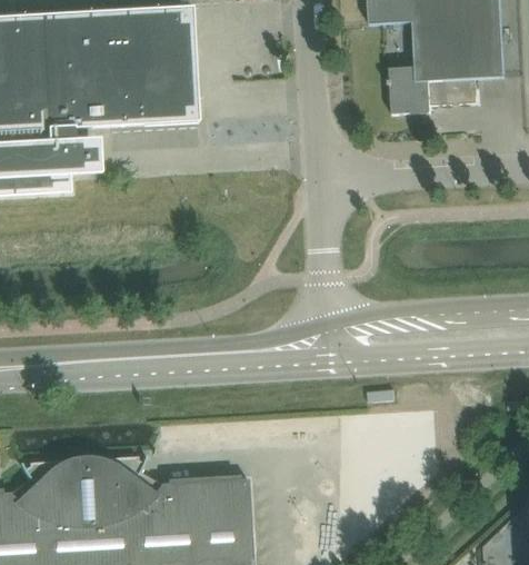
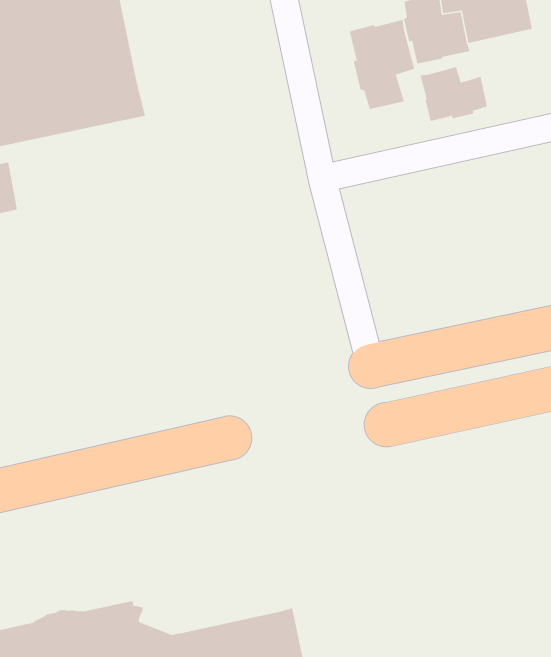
building: none -> [349,19,415,110]
building: none -> [420,66,488,122]

